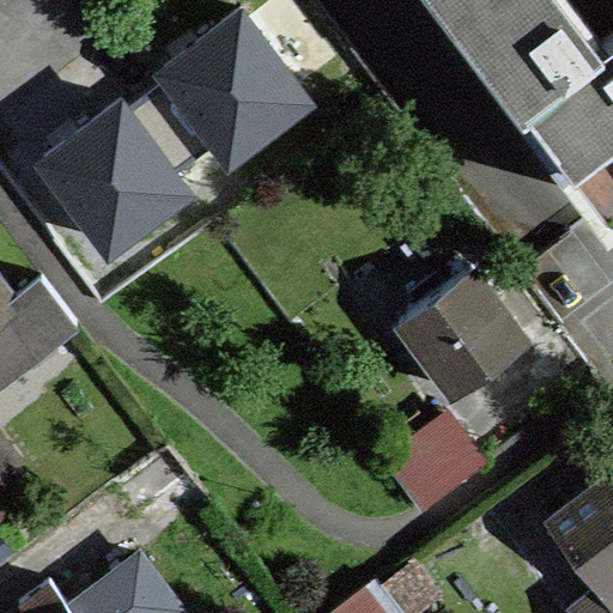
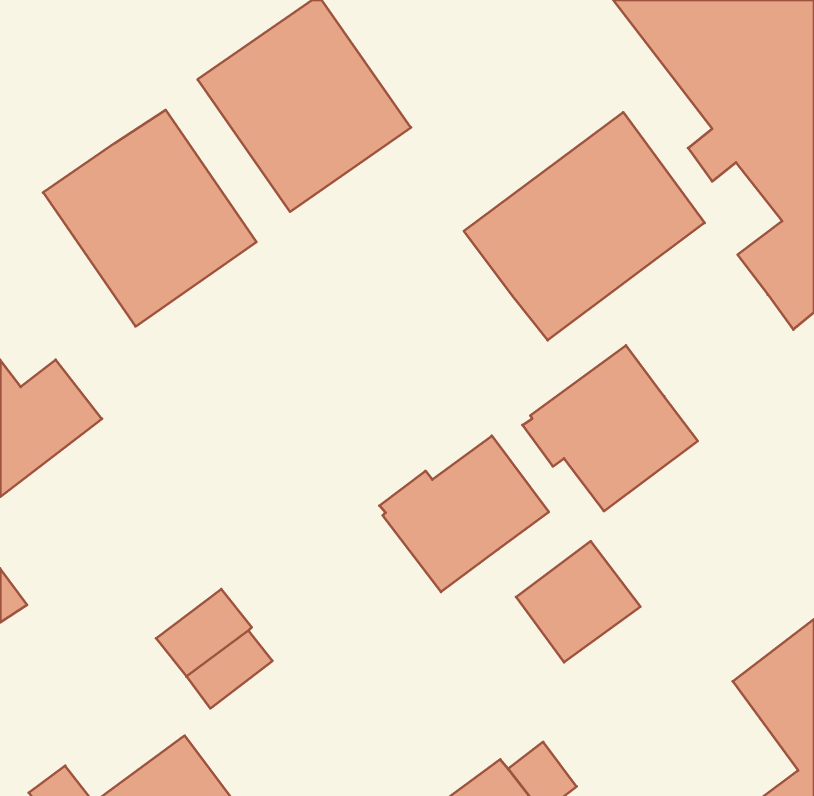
building: none -> [464,112,705,340]
building: none -> [379,436,549,592]

